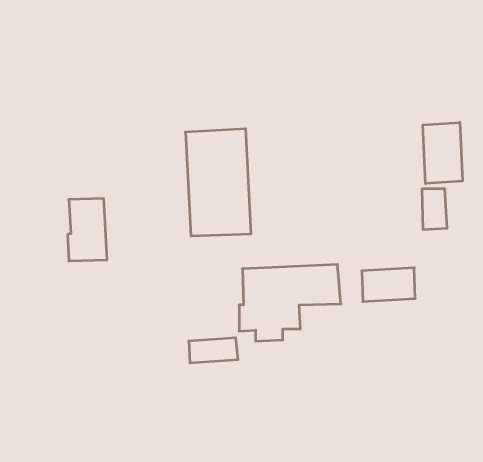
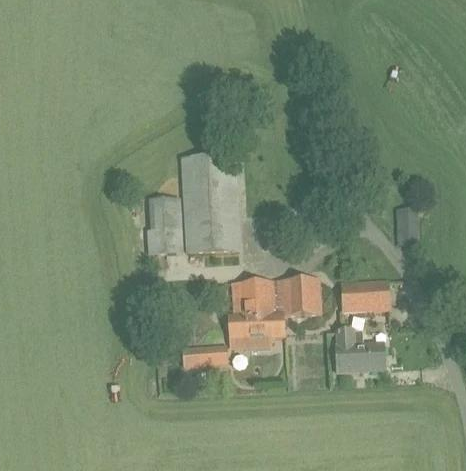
building: [423,122,462,184] -> none
building: [68,199,107,261] -> [147,198,183,255]
building: none -> [336,329,385,372]

